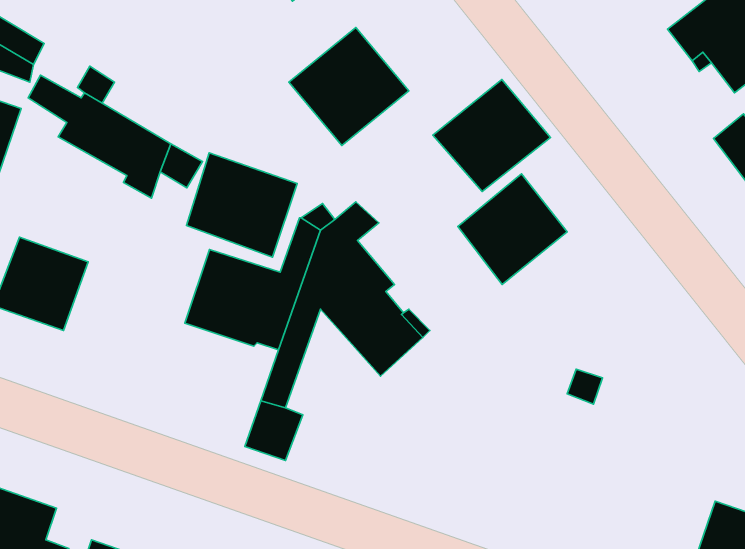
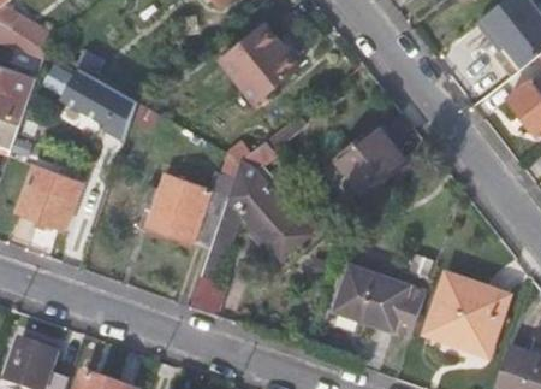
building: [433,79,550,192] -> none
building: [186,153,297,257] -> none
building: none -> [333,263,424,337]
building: none -> [427,270,507,353]

